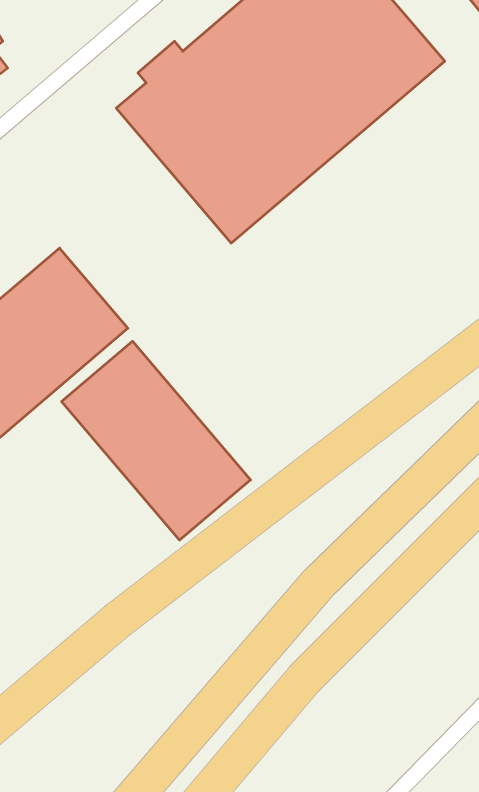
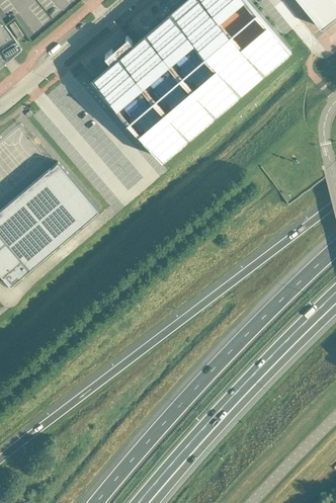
building: [62,341,251,540] -> none

